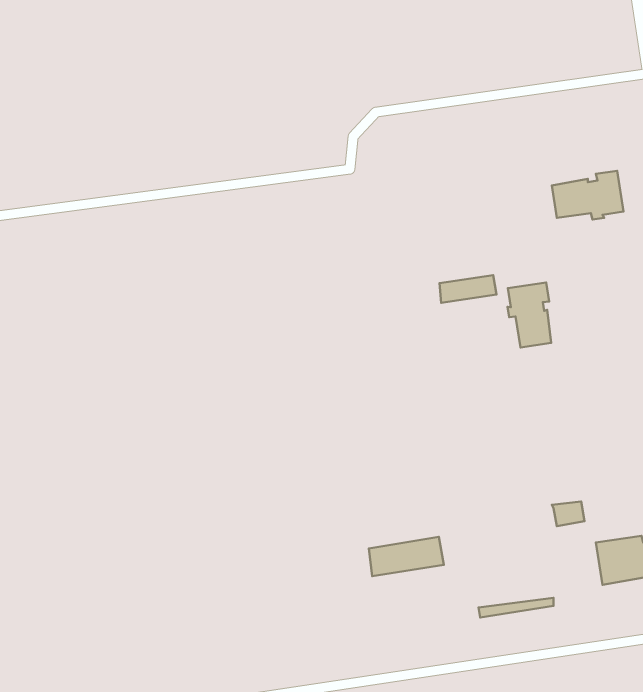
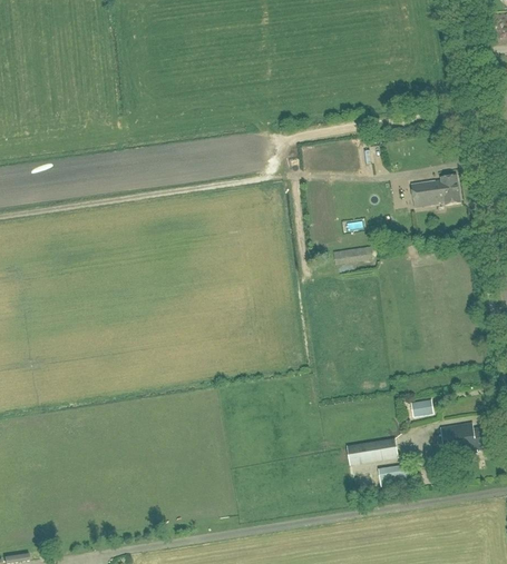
building: [507,282,551,347] -> none
building: [369,537,444,576] -> [347,437,398,464]

